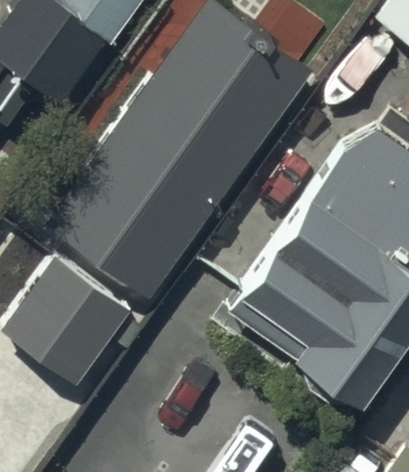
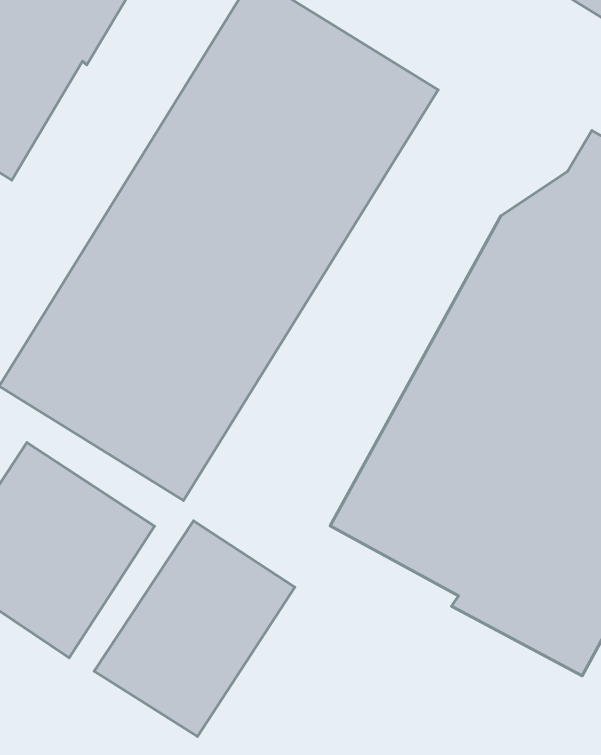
building: none -> [94,521,295,737]

